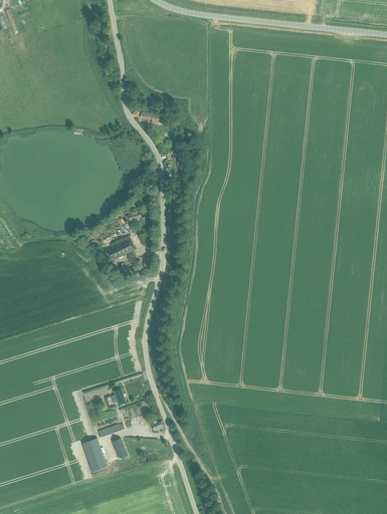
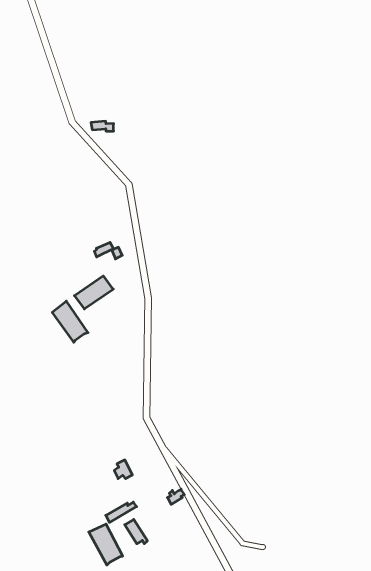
building: none -> [52,301,88,342]

